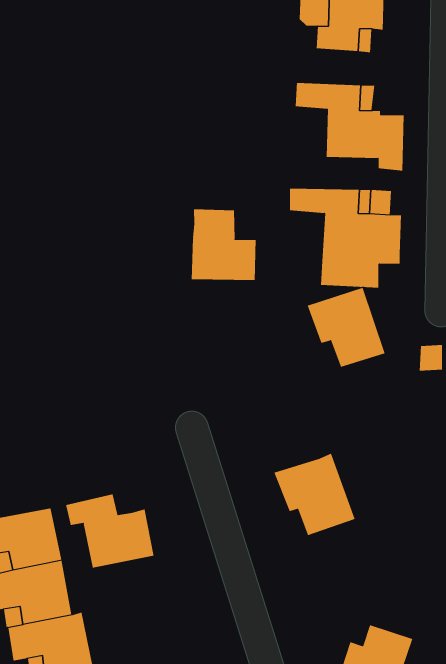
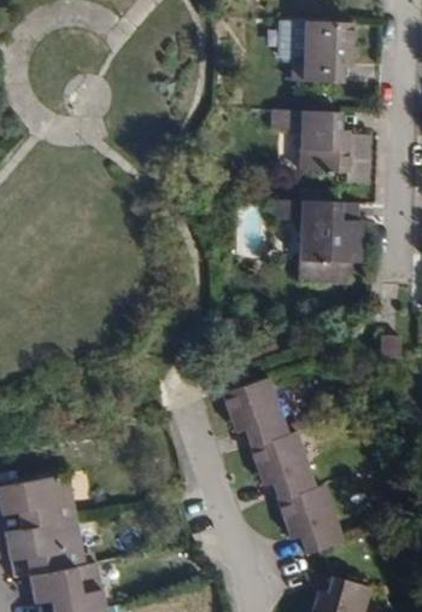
building: [191,209,256,281] -> none
building: [307,287,386,368] -> [227,375,294,444]
building: [65,494,154,568] -> none
building: none -> [285,482,352,550]

